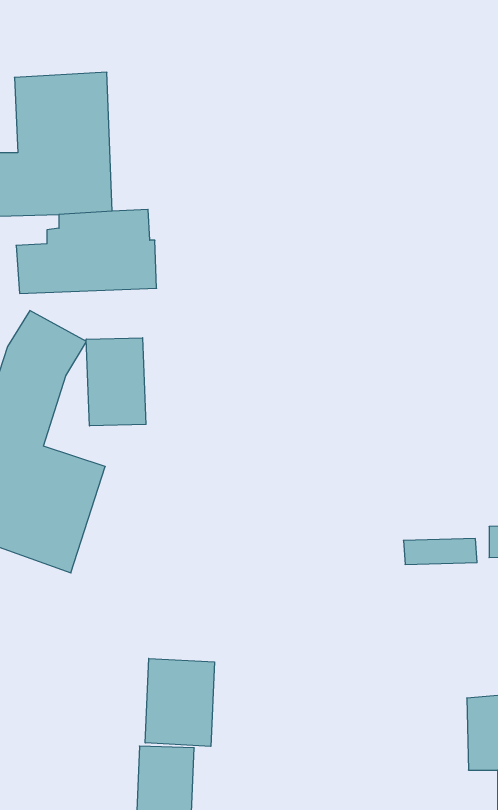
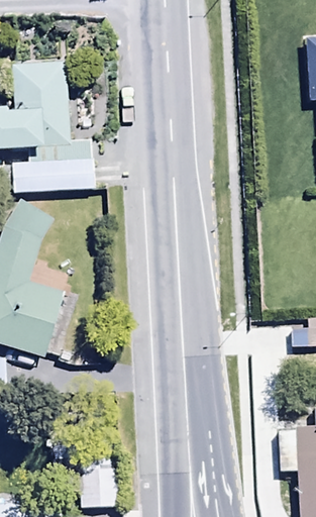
building: [86,338,146,426] -> none
building: [145,658,214,746] -> none

